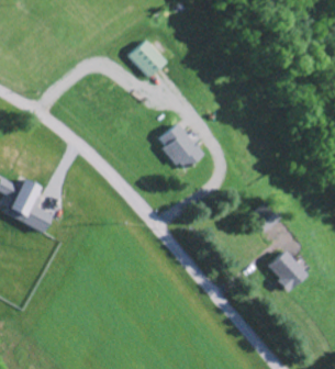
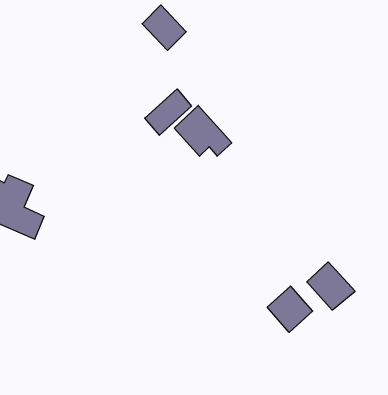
building: none -> [145,89,192,135]
building: none -> [267,286,313,332]

